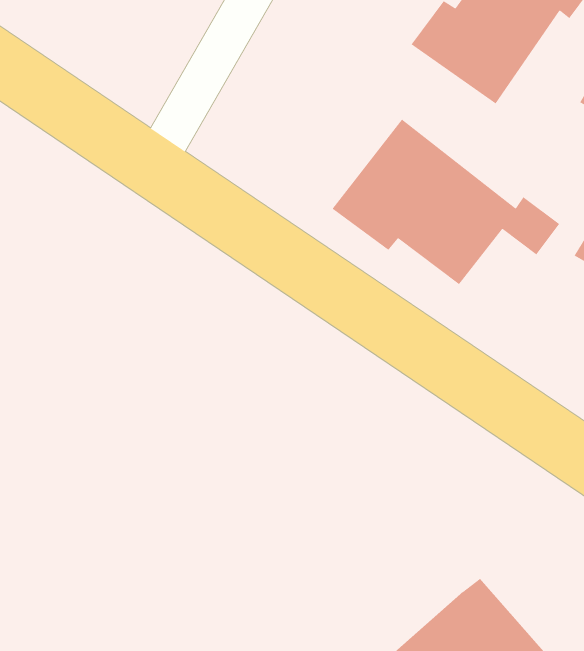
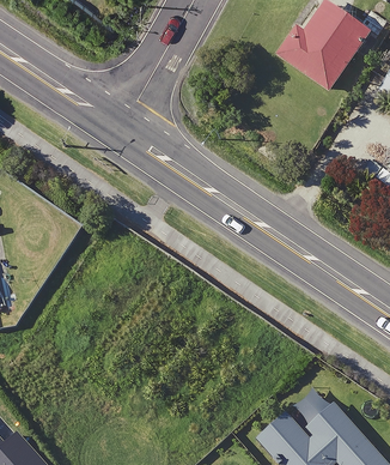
building: [331,118,560,285] -> none

